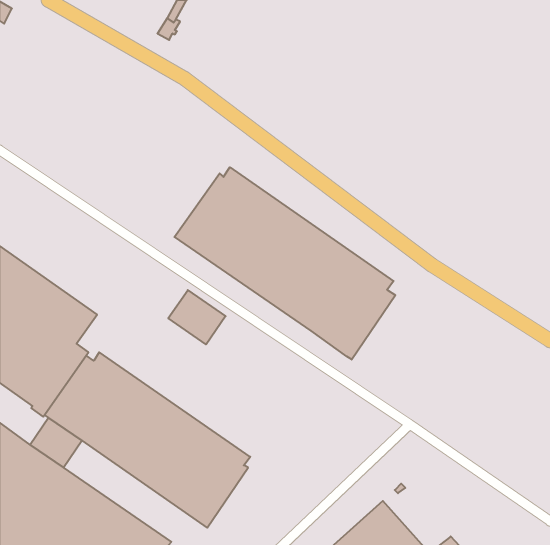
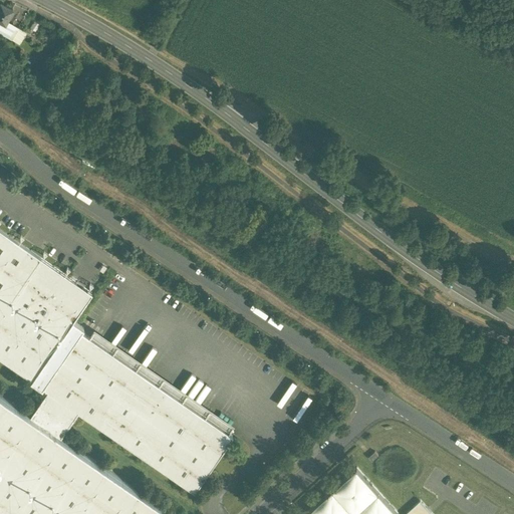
building: [174,167,395,360] -> none
building: [168,290,226,344] -> none

